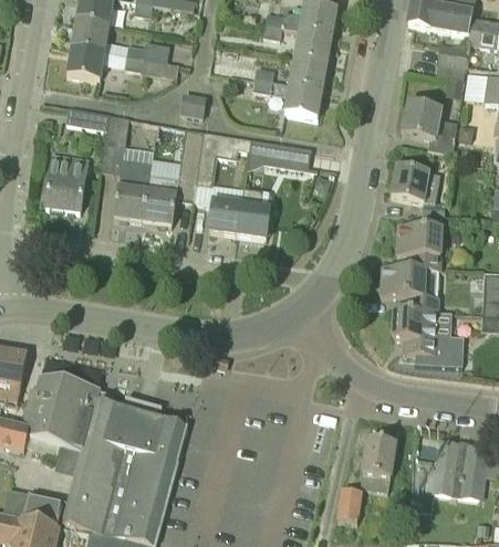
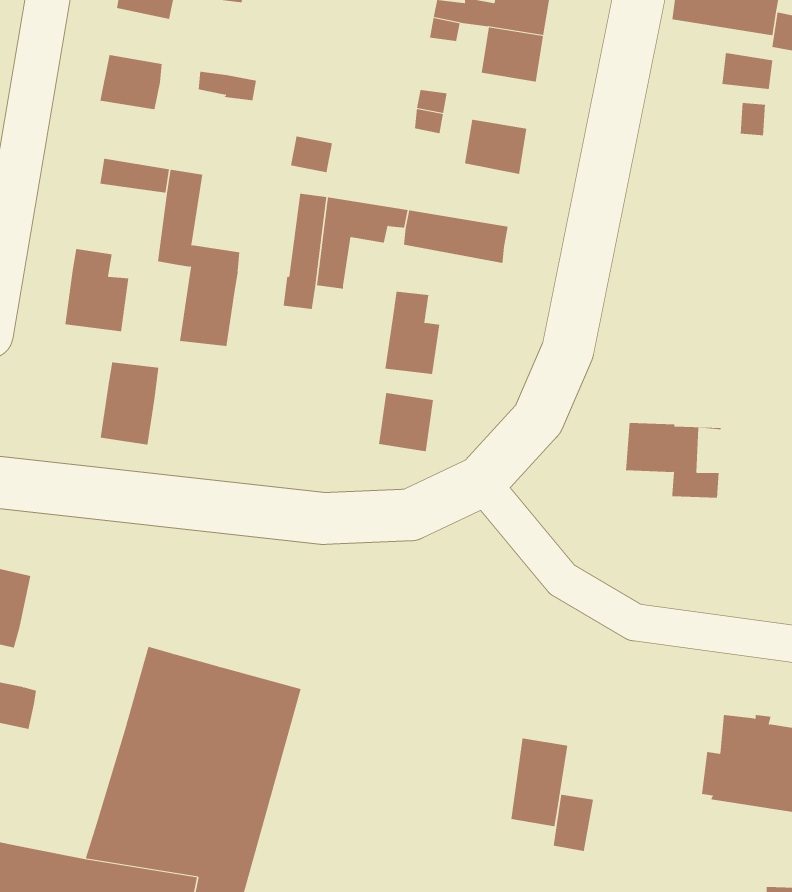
building: [72,18,108,51] -> none
building: [126,41,169,62] -> none
building: [289,56,328,90] -> none
building: [403,102,456,154] -> none
building: [391,166,445,217] -> none
building: [143,175,178,224] -> [100,362,159,445]
building: [208,198,241,233] -> [378,393,434,452]
building: [397,223,440,269] -> none
building: [393,308,451,355] -> none
building: [21,375,114,450] -> none
building: [361,438,395,491] -> [511,738,568,827]
building: [24,493,63,526] -> none

